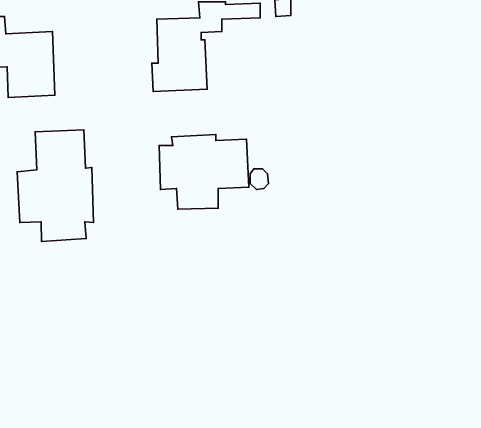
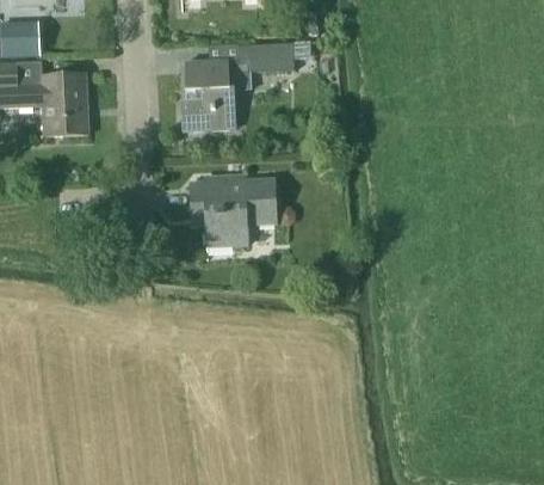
building: [17,130,94,242] -> none

